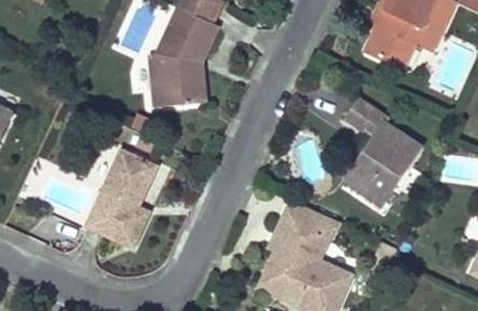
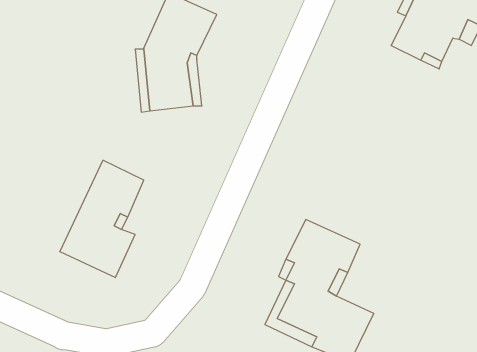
building: [345,97,420,204] -> none

